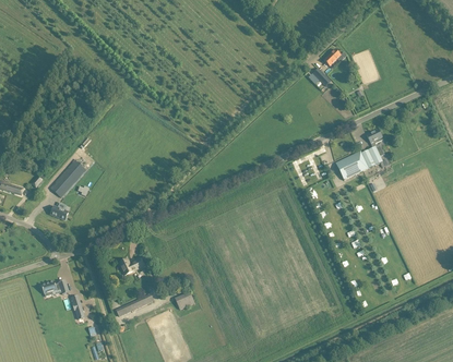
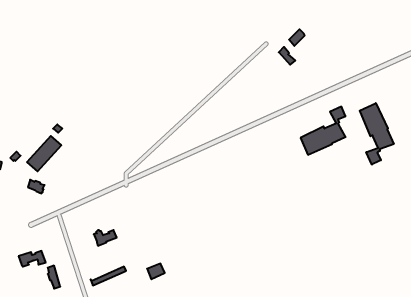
building: none -> [360,103,394,165]

